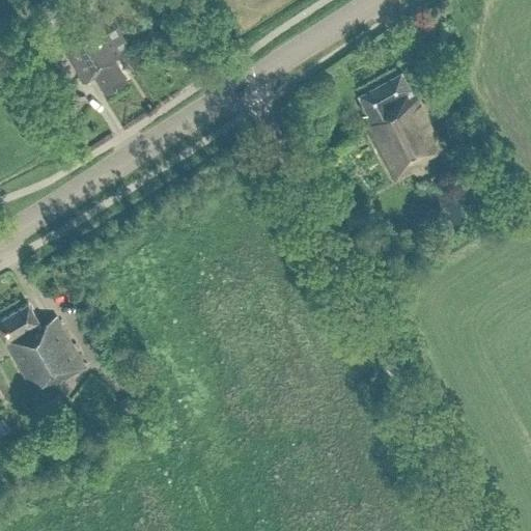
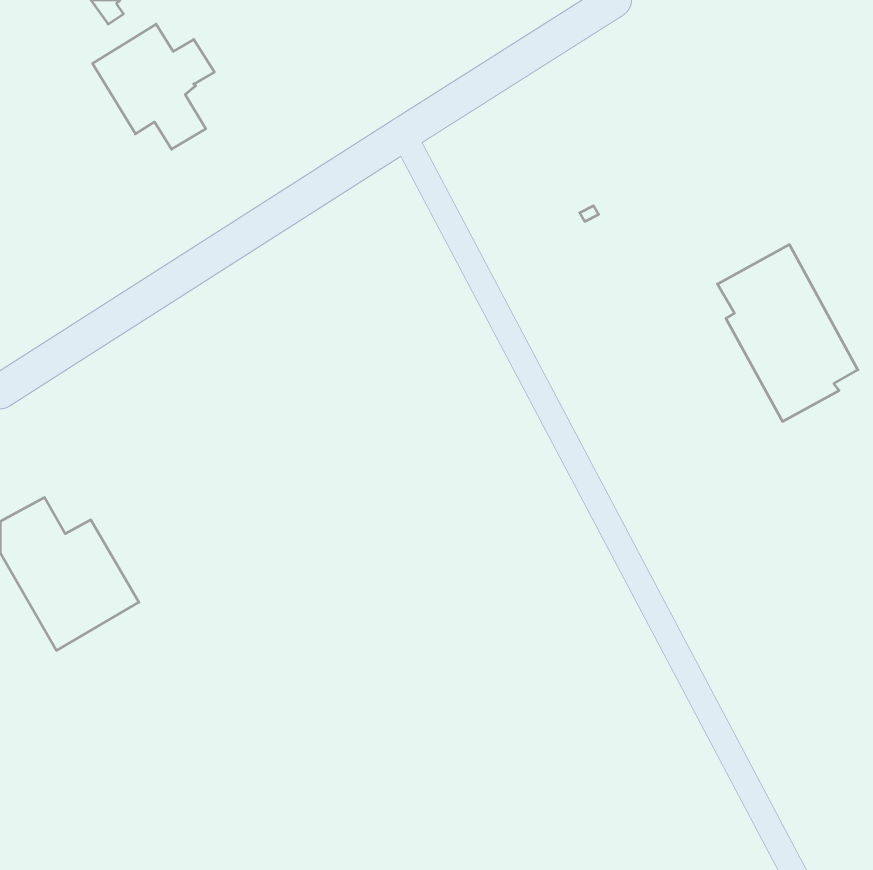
building: [359,74,444,180] -> [717,245,858,421]

